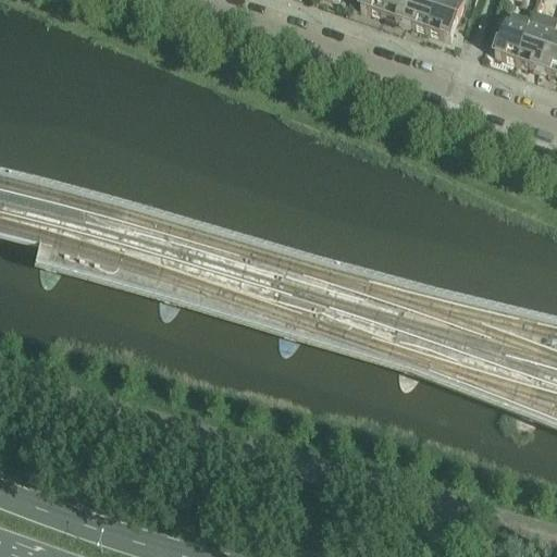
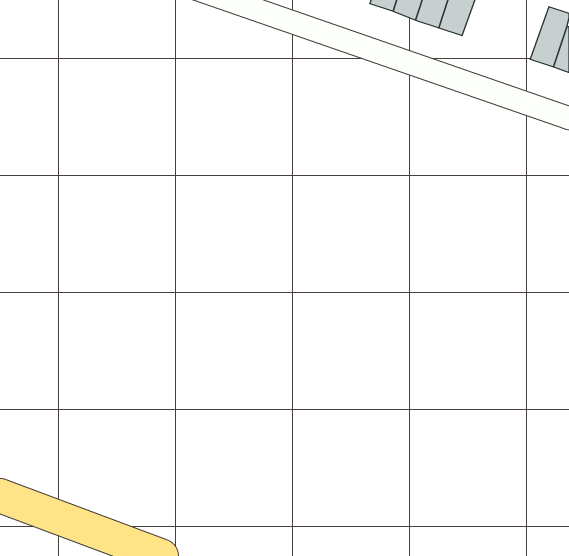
building: [495,11,532,58] -> none

